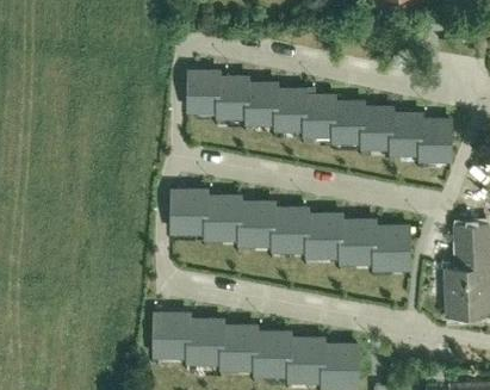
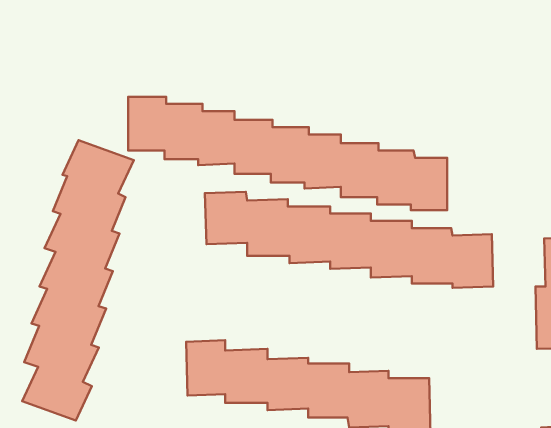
building: [187,70,448,163] -> [128,97,447,210]
building: none -> [22,140,134,421]

